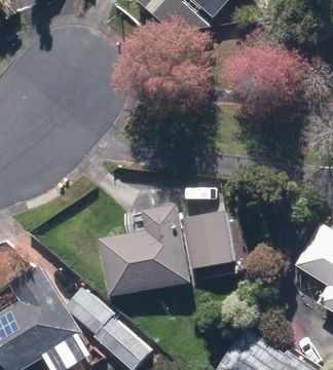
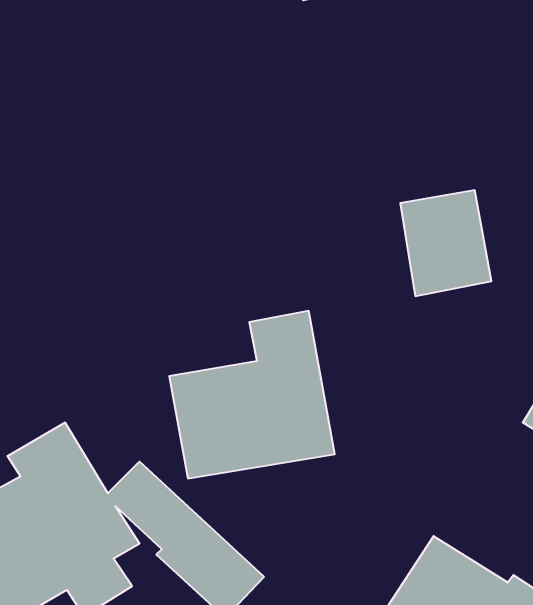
building: [182,210,232,268] -> [400,190,491,296]

